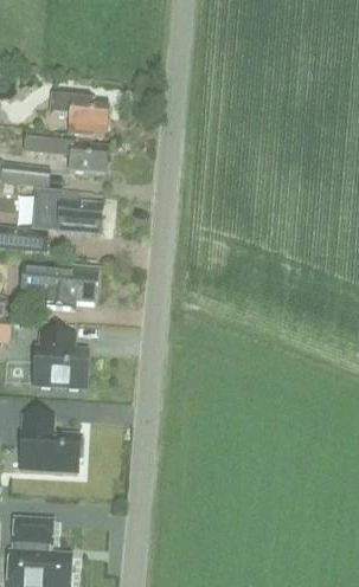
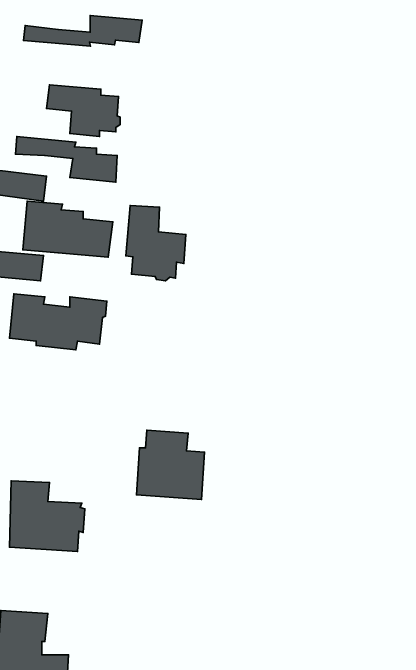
building: none -> [23,16,142,46]
building: none -> [126,206,186,281]
building: [33,331,88,387] -> [137,430,204,499]

